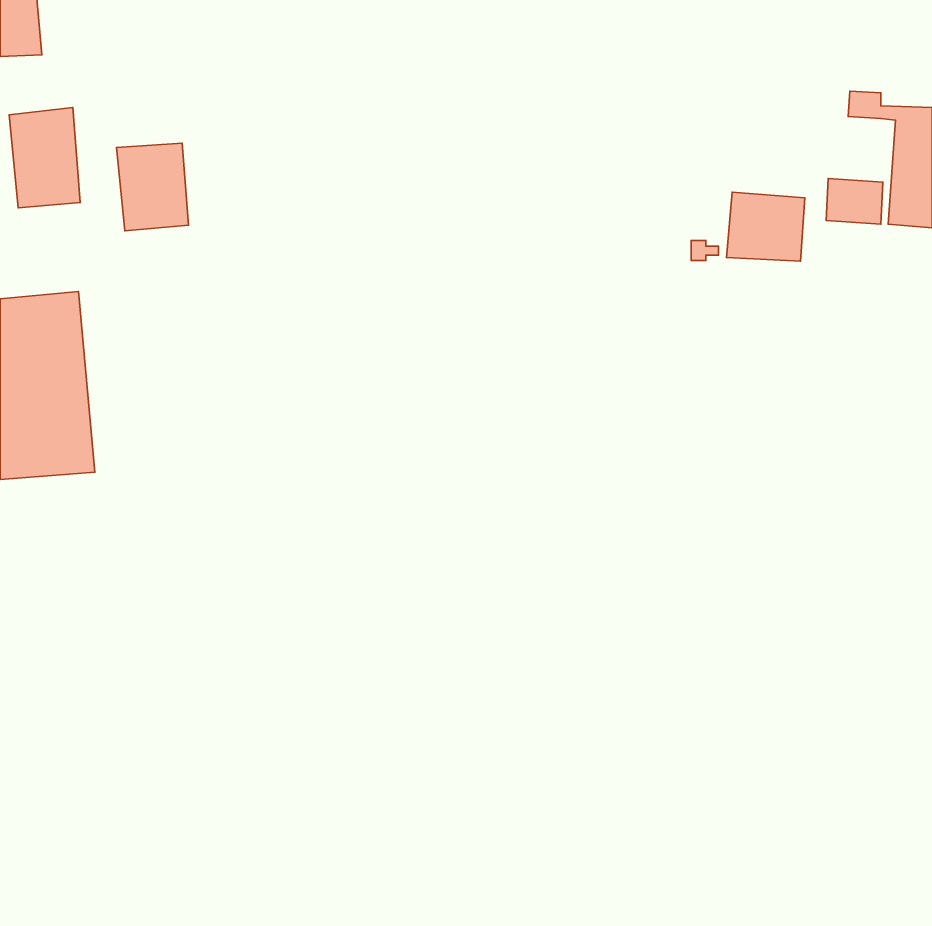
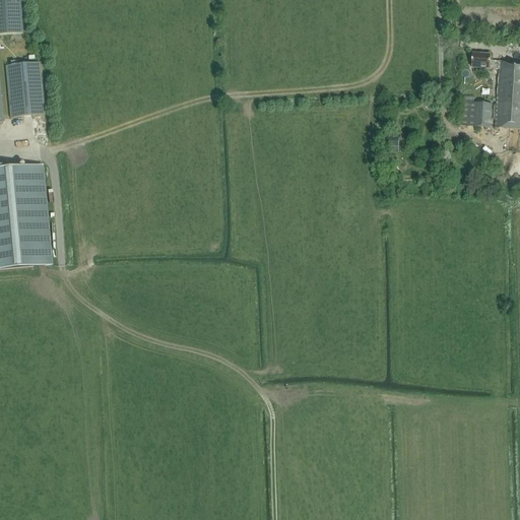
building: [116,143,189,231] -> none
building: [727,192,805,261] -> none

